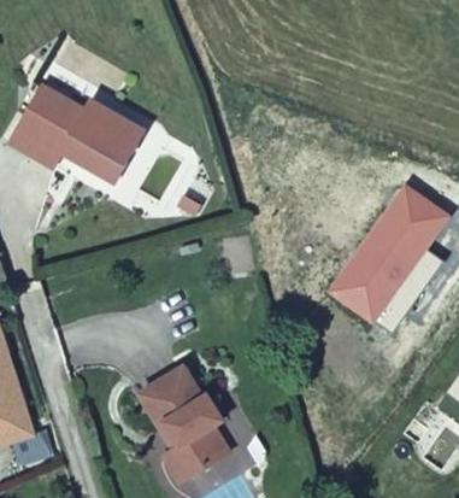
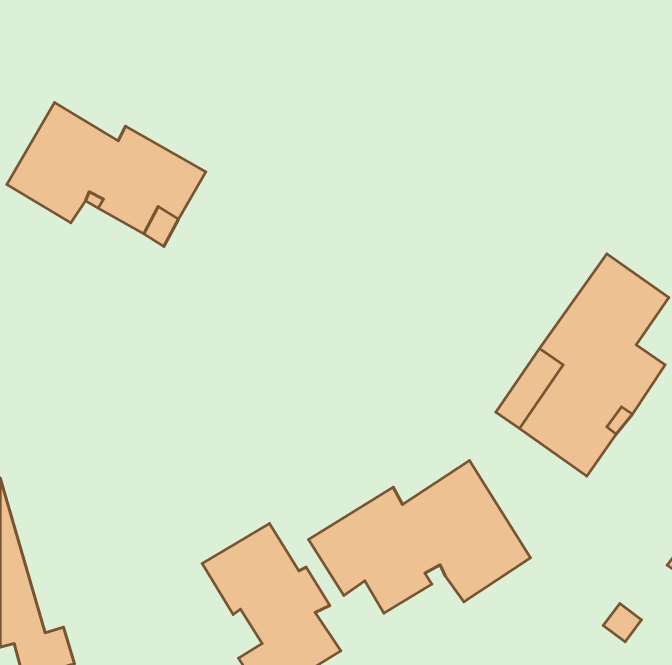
building: none -> [309,461,531,613]

